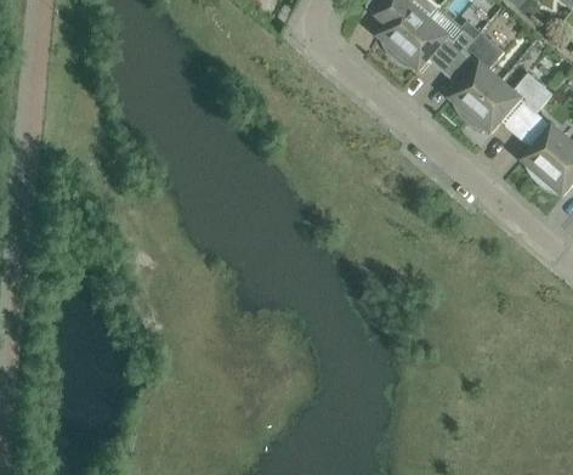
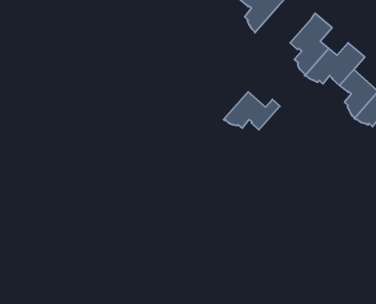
building: [393,18,475,73] -> [224,92,280,130]

